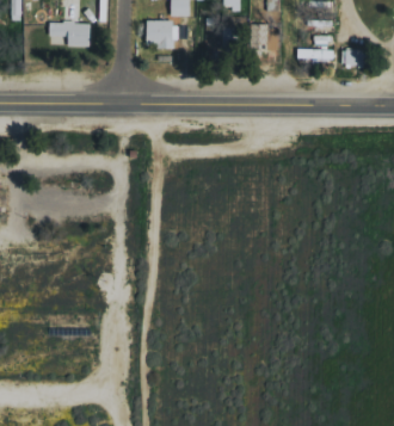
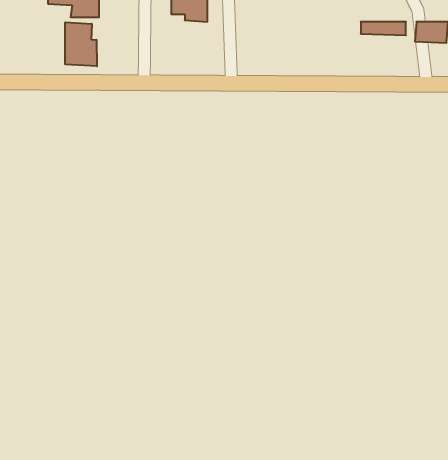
building: none -> [65,22,97,66]

